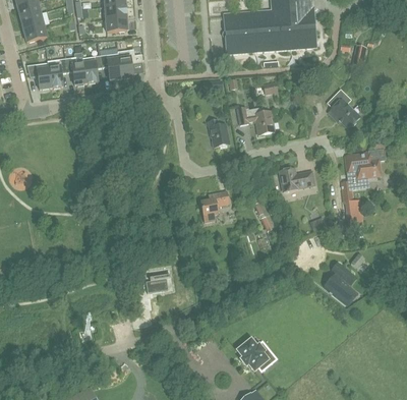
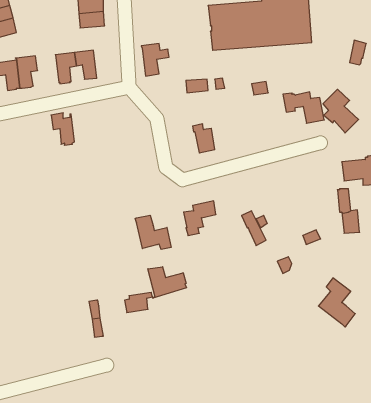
building: [116,49,141,78] -> [141,44,169,76]
building: [64,56,85,85] -> [51,113,74,145]
building: [236,106,274,134] -> [283,92,324,123]
building: [279,168,314,191] -> none
building: none -> [135,215,171,249]
building: none -> [148,267,186,298]
building: [236,339,269,370] -> none

